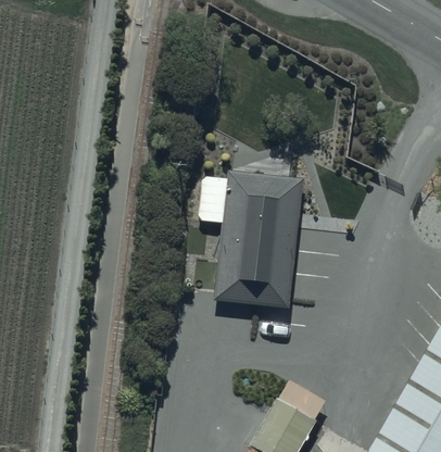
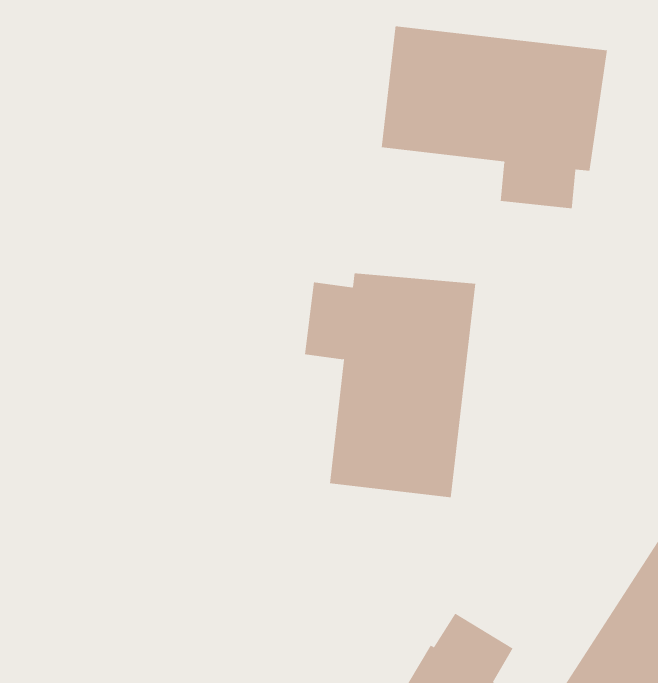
building: none -> [381,25,608,209]

